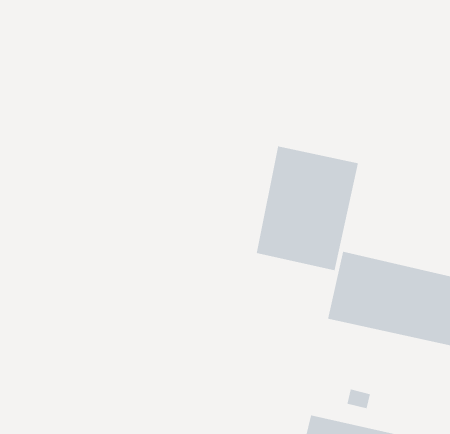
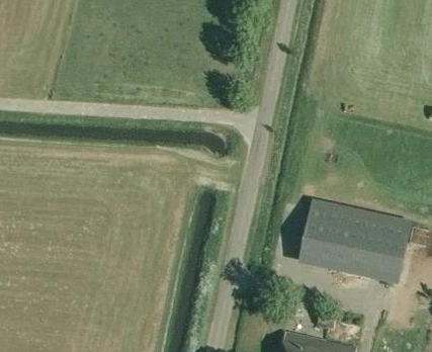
building: [256,146,359,271] -> none

